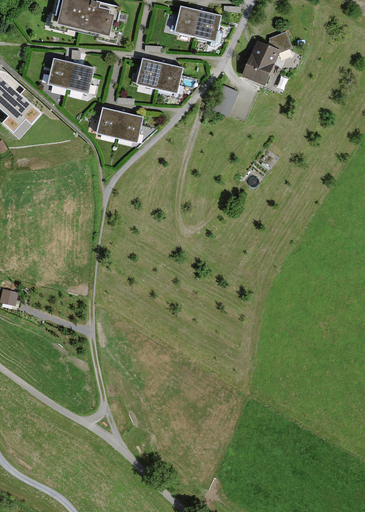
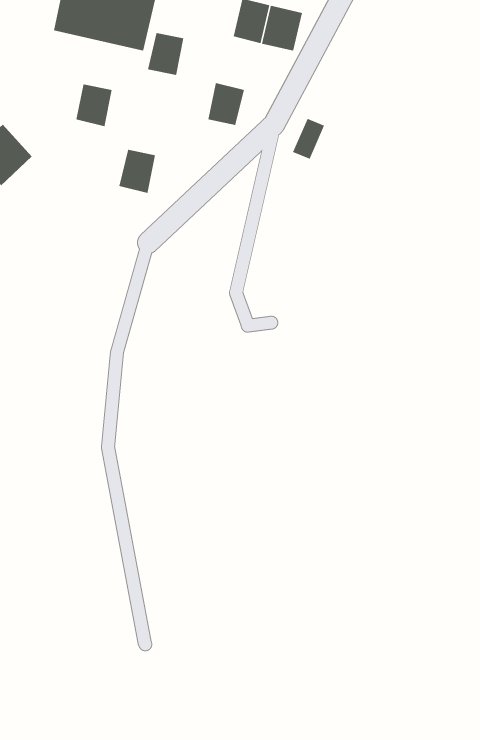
building: [243,39,281,83] -> none
building: [48,58,73,87] -> none
building: [137,58,162,87] -> [147,32,184,75]
building: [117,111,142,141] -> none

